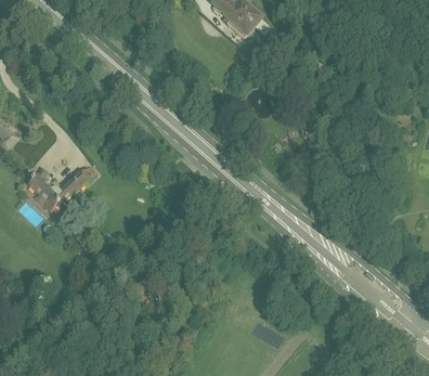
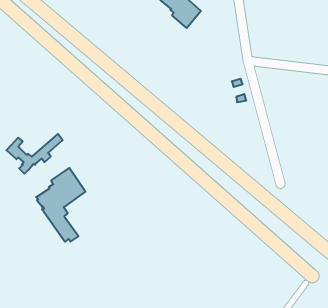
building: none -> [36,168,85,242]

